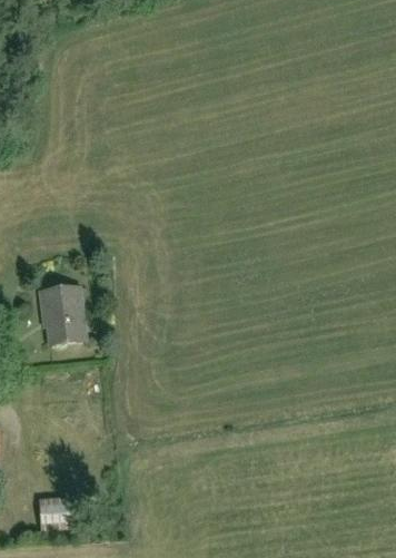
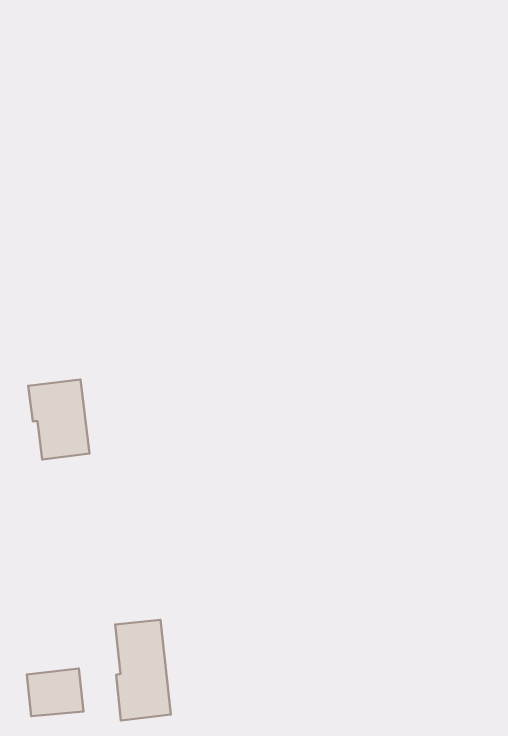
building: none -> [115,620,171,720]

